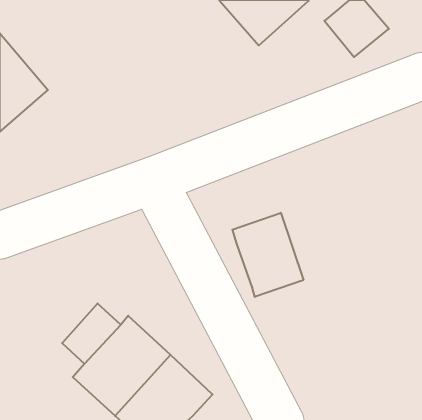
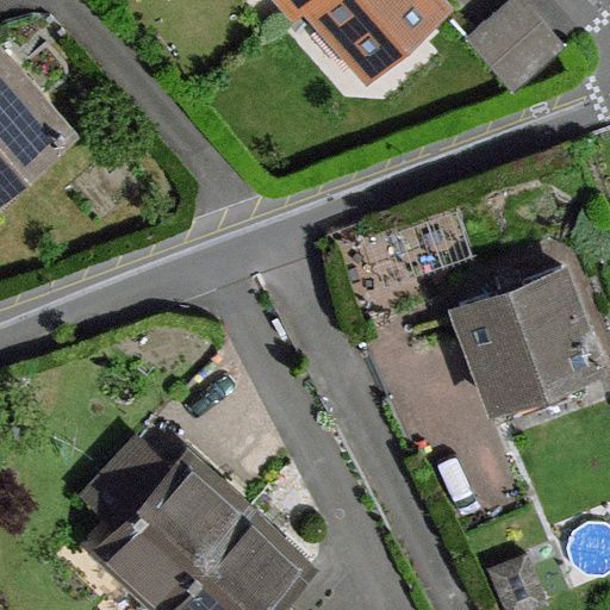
building: none -> [463,273,599,409]
building: [232,213,303,297] -> none

